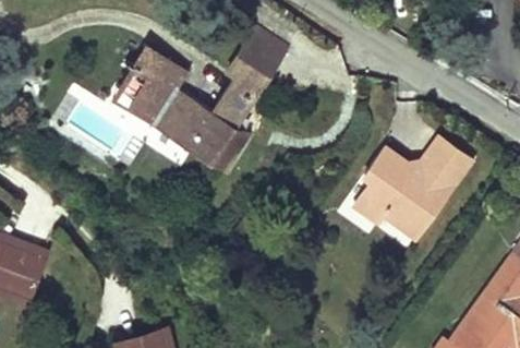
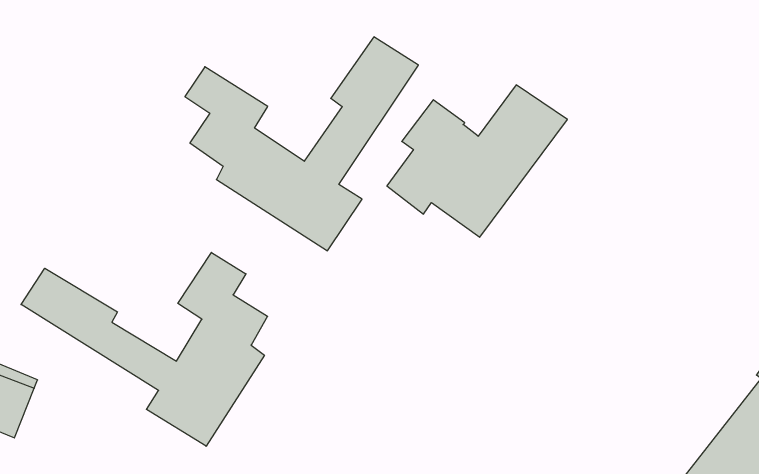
building: [353,136,472,237] -> [387,85,567,237]
building: none -> [21,252,268,446]

